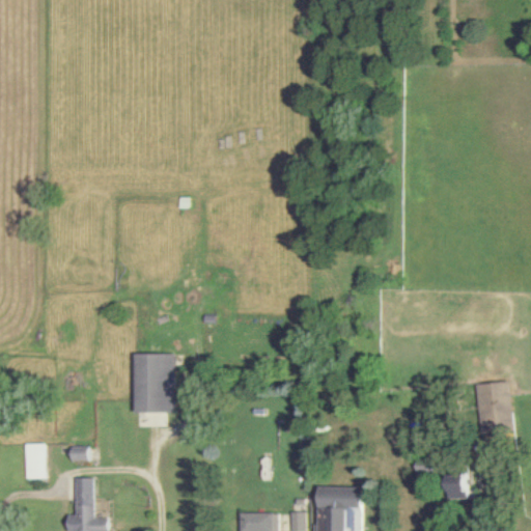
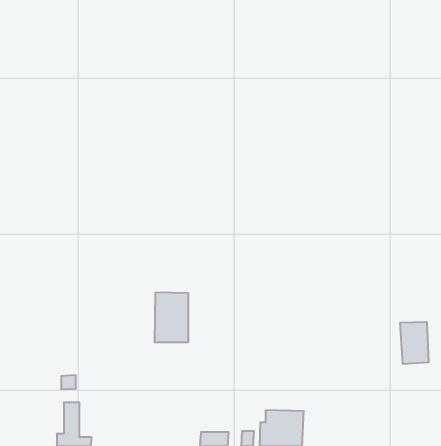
building: [135,354,175,413] -> [154,292,188,342]
building: [25,444,47,479] -> none
building: [444,475,469,500] -> none

